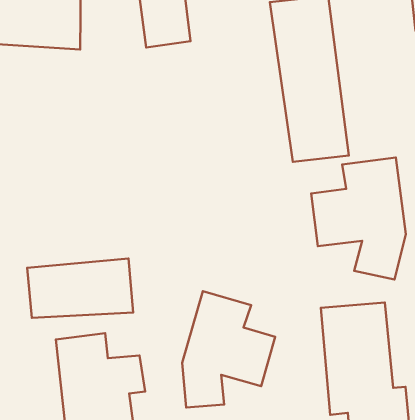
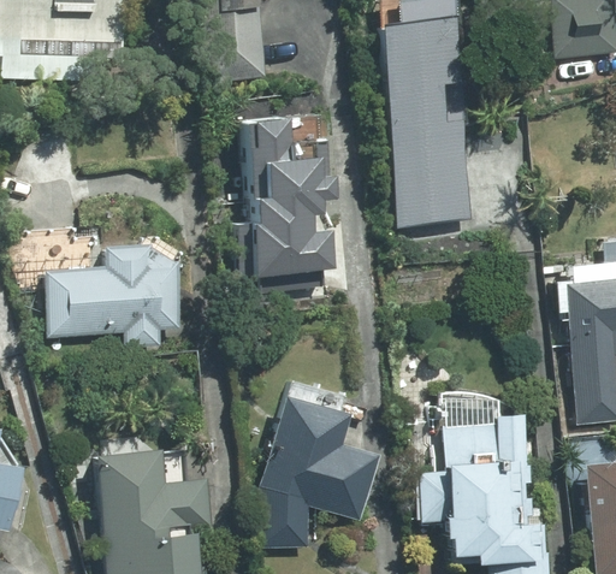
building: none -> [237,123,350,298]
building: [311,158,406,280] -> none
building: [27,258,133,318] -> [45,256,182,333]

